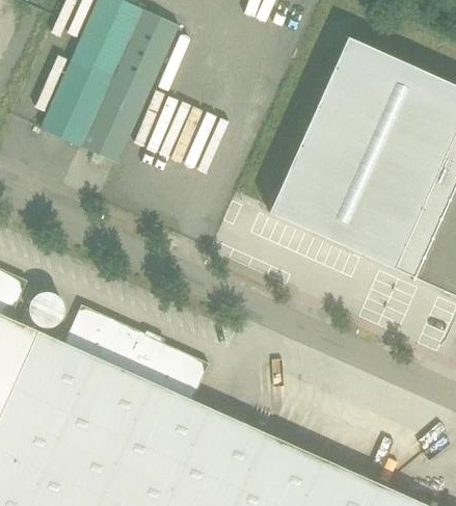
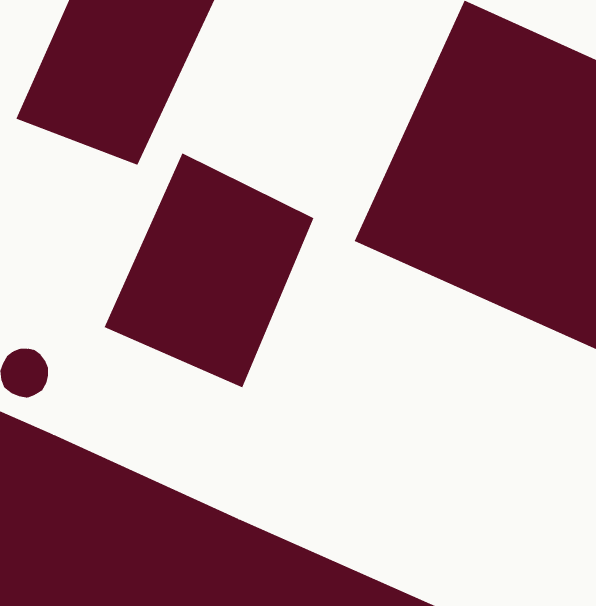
building: none -> [104,152,314,388]
building: [63,307,208,403] -> none

